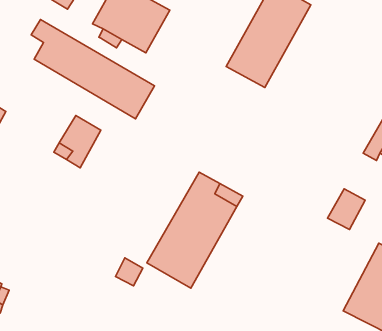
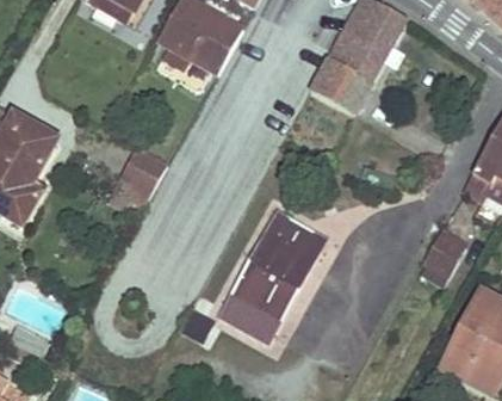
building: [31,20,155,119] -> none

